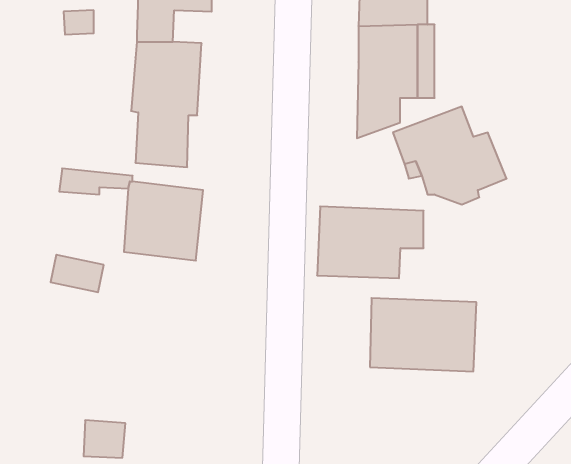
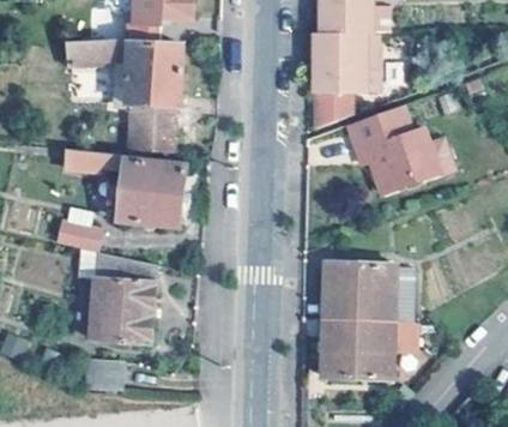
building: none -> [68,40,129,66]
building: [317,206,424,278] -> [321,317,410,377]
building: none -> [89,255,156,344]

